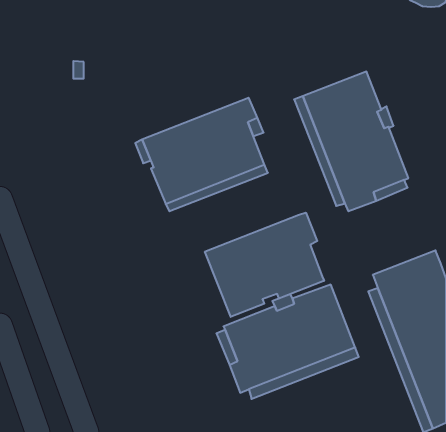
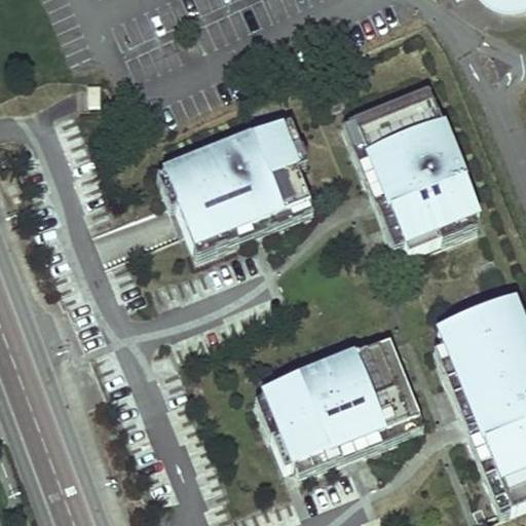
building: [205,213,324,317] -> none

